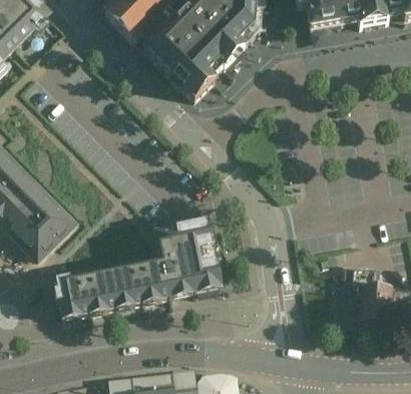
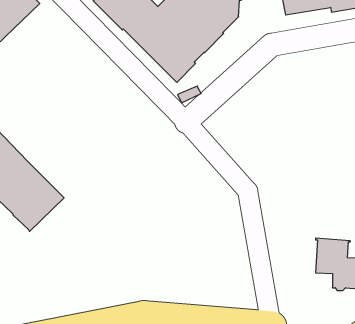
building: [53,219,219,315] -> none

